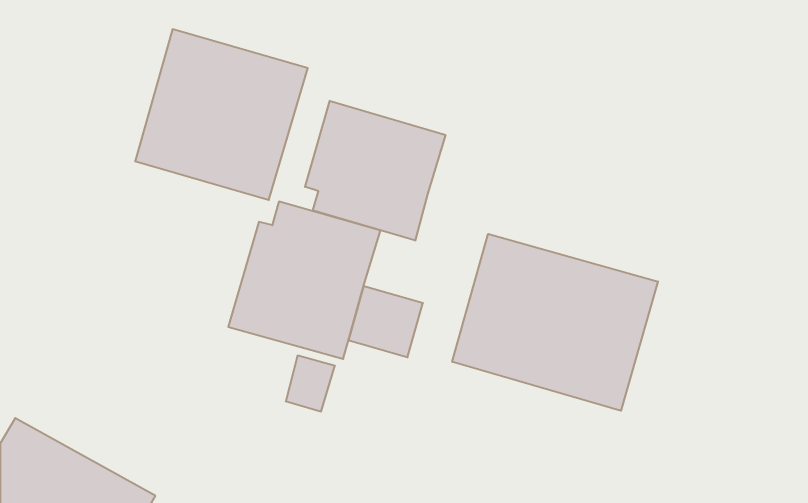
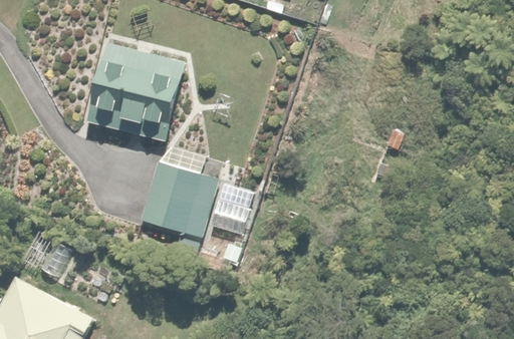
building: [305,101,445,241] -> none
building: [452,234,658,411] -> none

